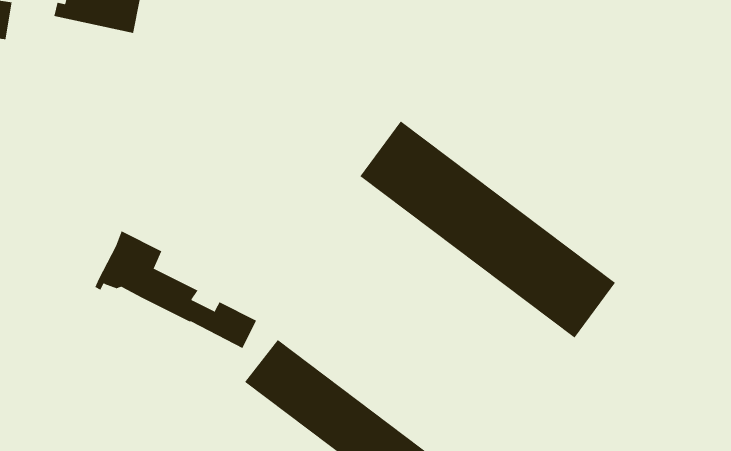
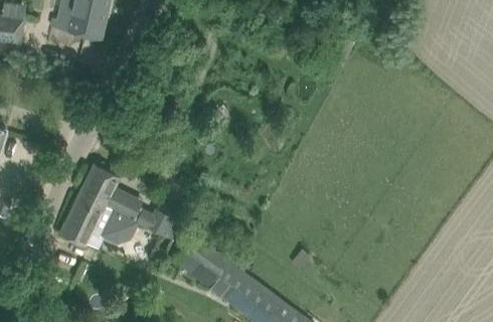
building: [360,120,616,339] -> none
building: none -> [59,198,137,250]

